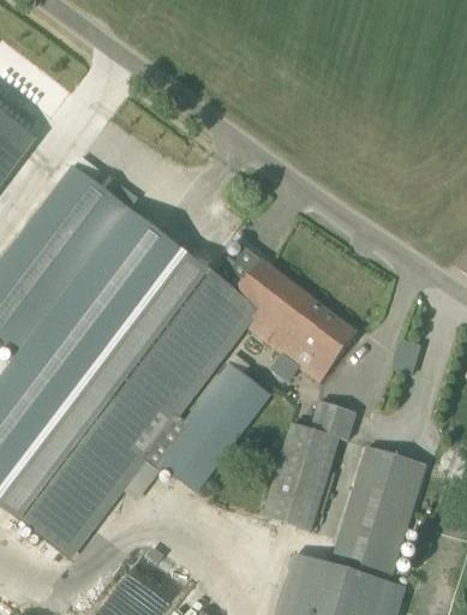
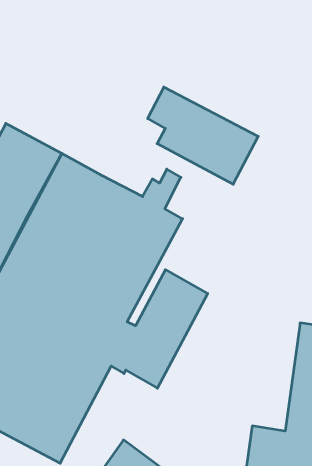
building: [237,261,358,383] -> [148,87,258,184]
building: [262,404,355,532] -> none

